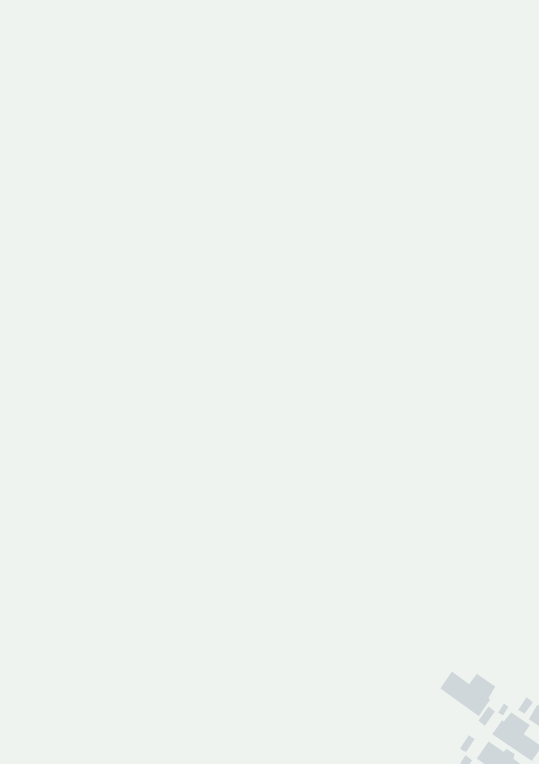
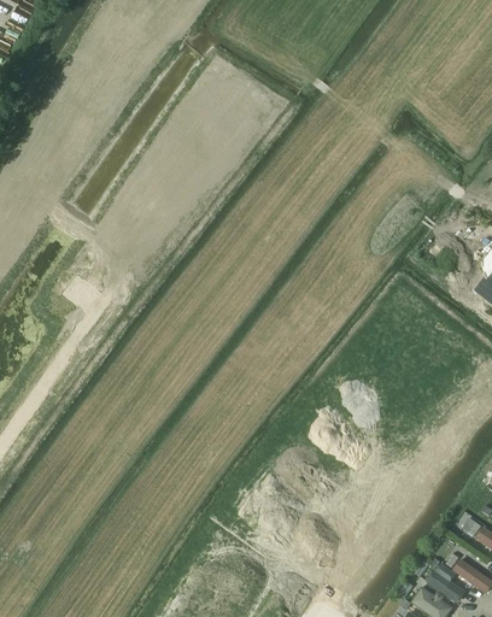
building: [439,671,496,717] -> none

